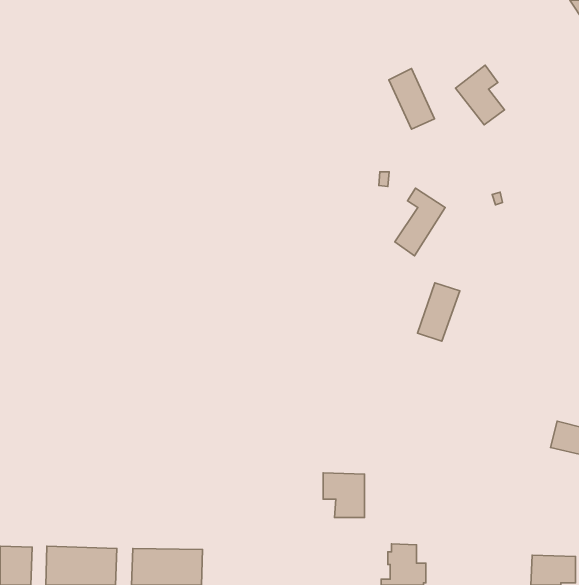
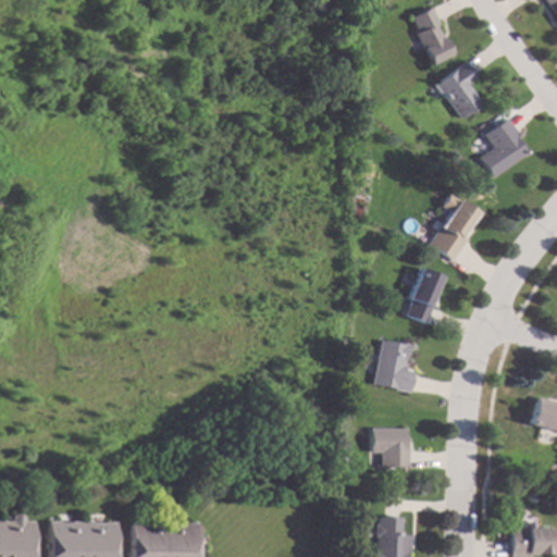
building: [389,68,435,129] -> [413,7,457,64]
building: none -> [481,120,530,177]
building: [395,188,445,256] -> [430,194,478,258]
building: none -> [374,342,416,393]
building: [323,473,364,518] -> [370,428,409,470]

